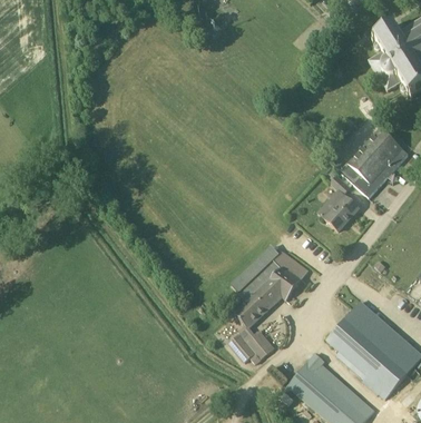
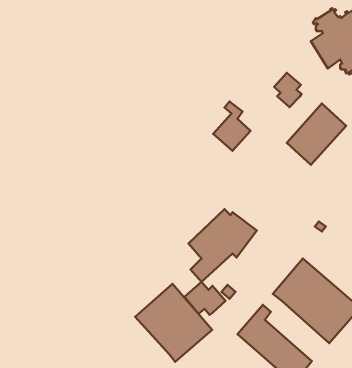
building: none -> [274,73,302,107]
building: [317,176,359,230] -> [213,102,250,151]
building: none -> [135,284,212,362]

